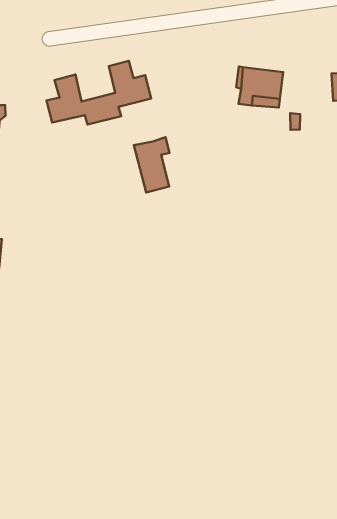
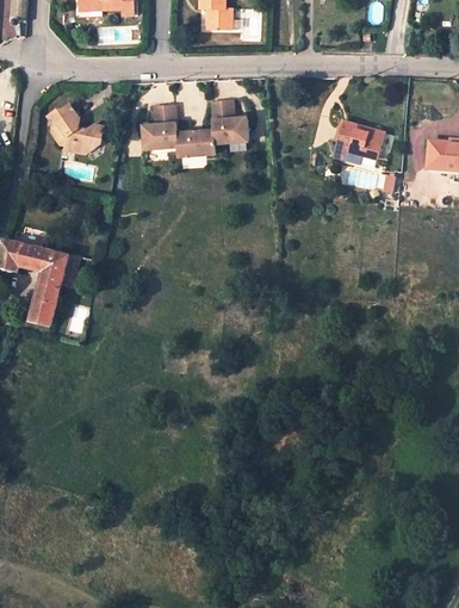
building: [134,137,169,192] -> none

